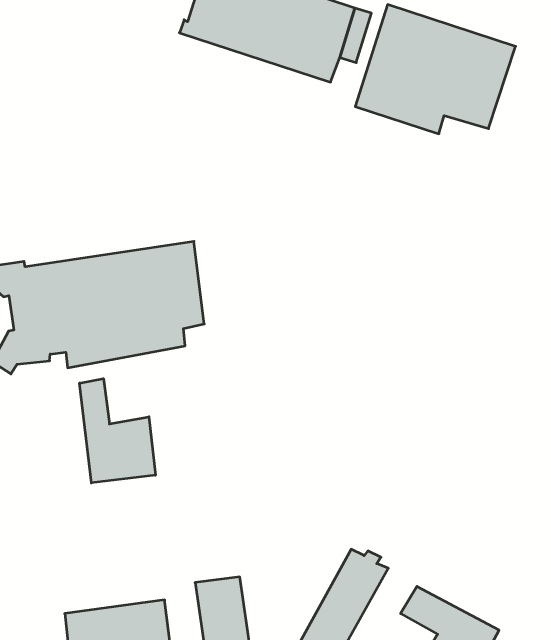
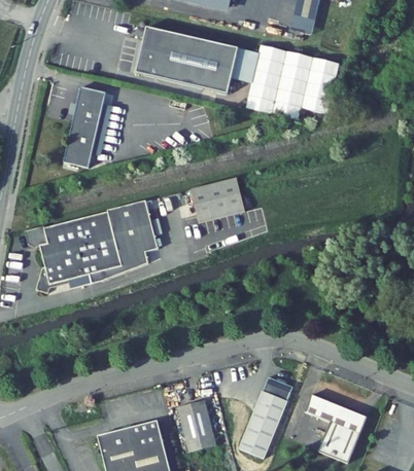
building: none -> [61,86,107,166]
building: none -> [193,178,247,222]
building: [80,379,155,483] -> none

